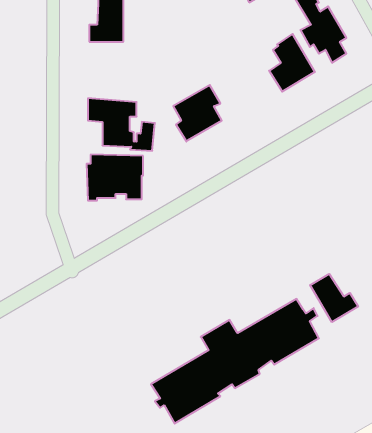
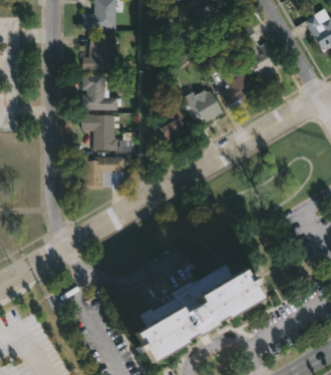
building: none -> [82,74,121,110]
building: none -> [184,90,223,123]
building: [310,274,358,322] -> none

